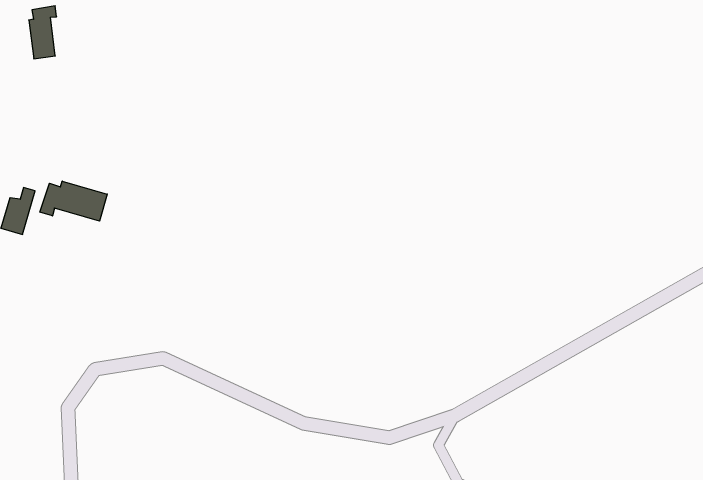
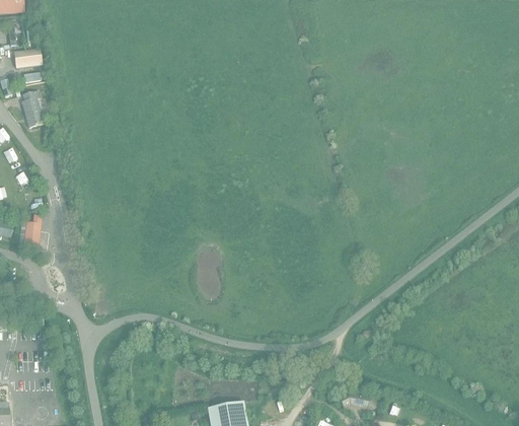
building: [40,181,107,221] -> none

